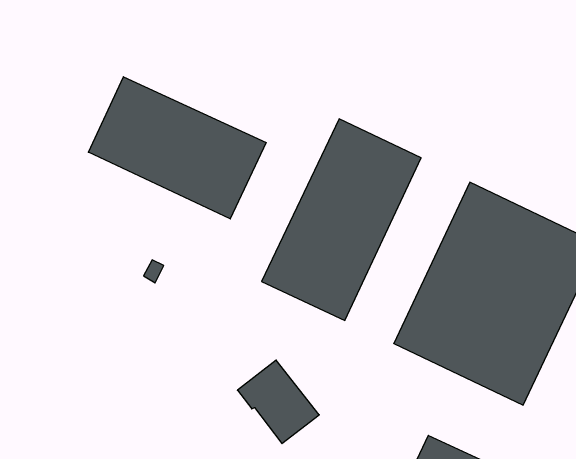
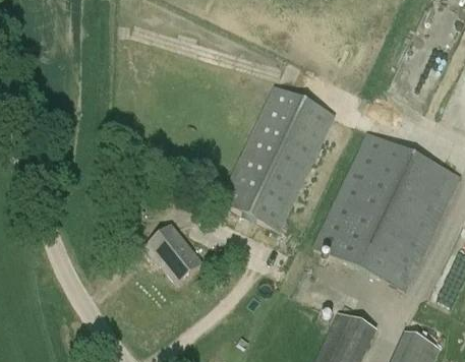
building: [88,77,266,219] -> none
building: [237,360,319,444] -> [144,224,202,283]

